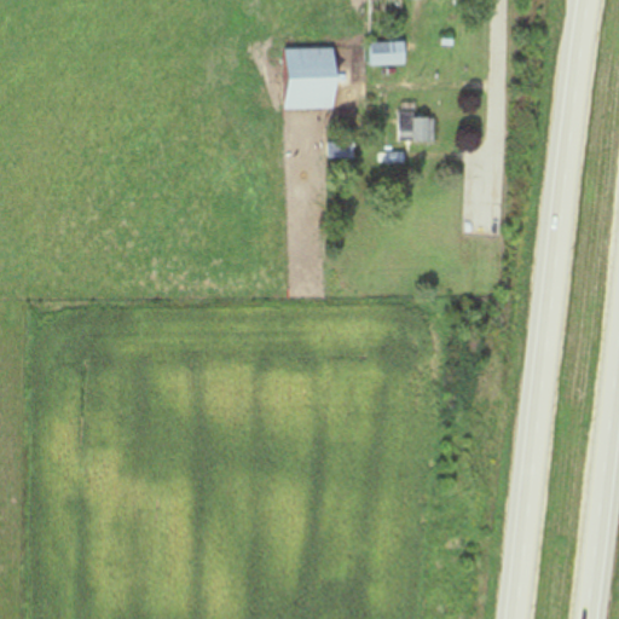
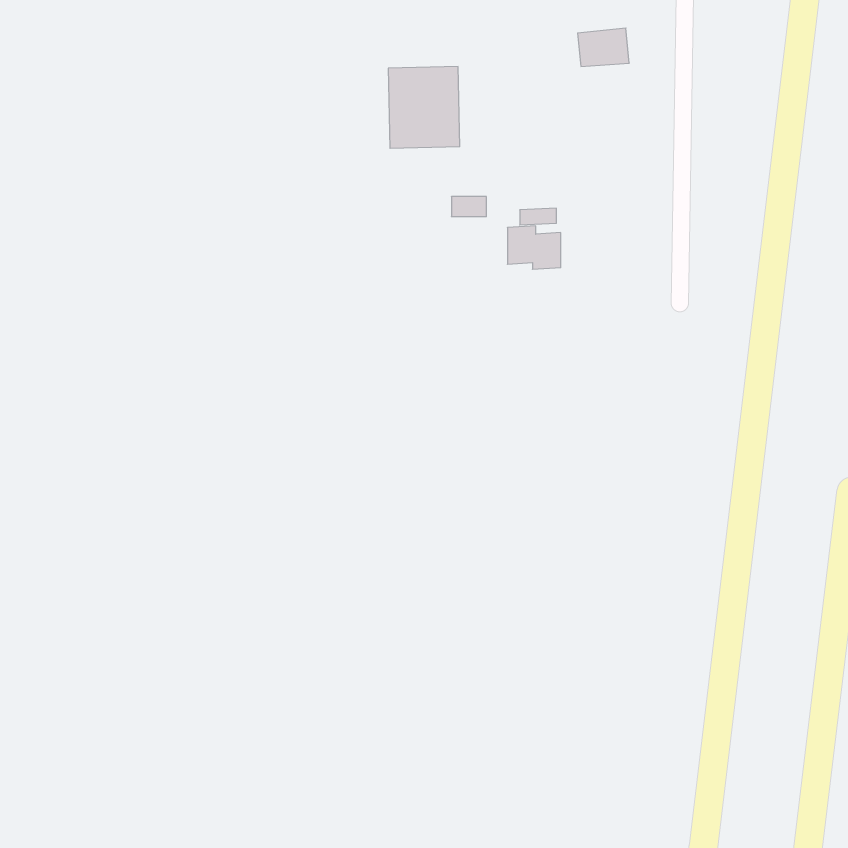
building: [371,39,409,66] -> [578,28,629,66]
building: [399,111,438,143] -> [507,226,561,269]

